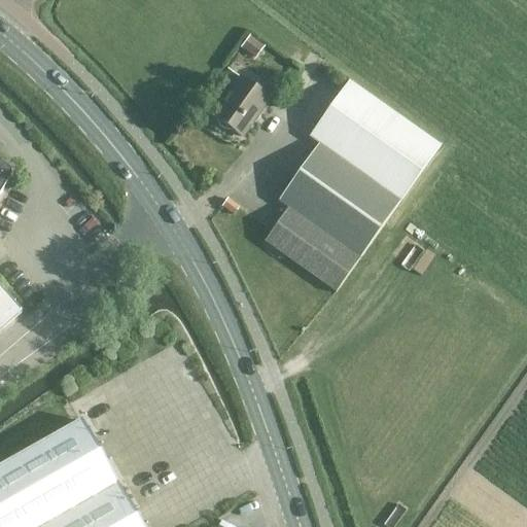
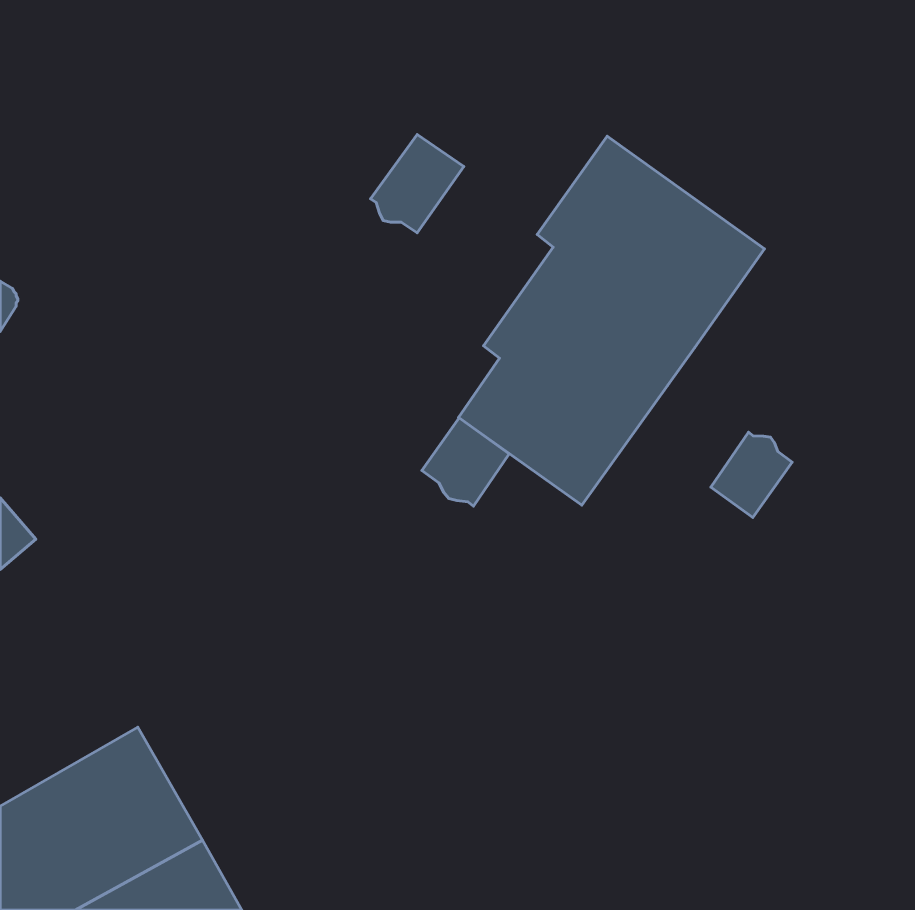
building: none -> [422,418,509,506]
building: none -> [711,432,792,518]

